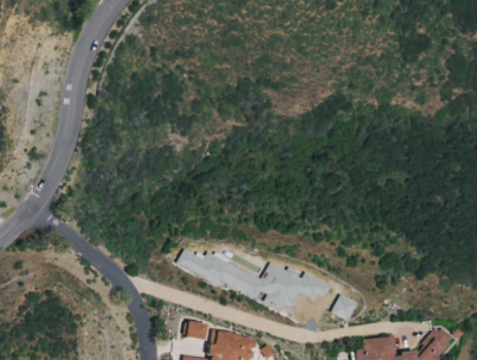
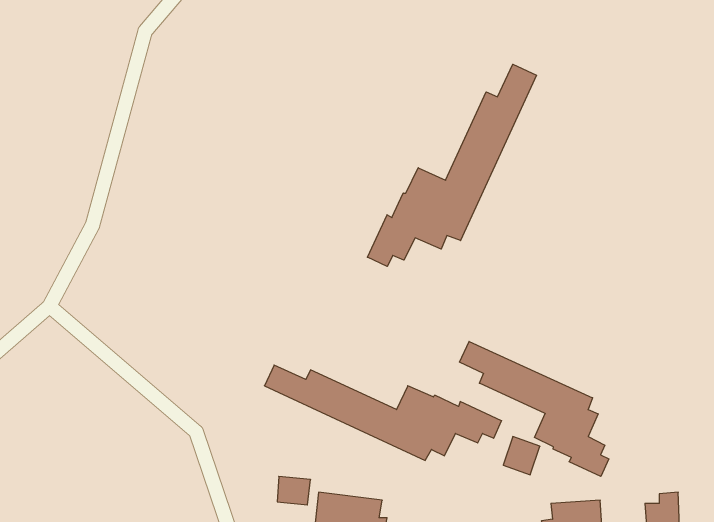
building: none -> [367,64,536,266]
building: none -> [459,341,609,476]

